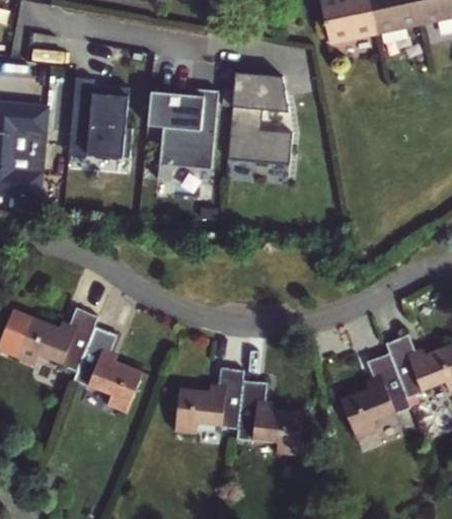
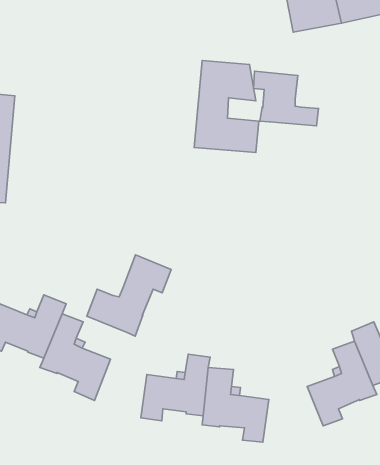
building: [68,76,132,156] -> none
building: none -> [254,71,319,126]
building: [144,88,219,169] -> none
building: none -> [87,255,171,336]

